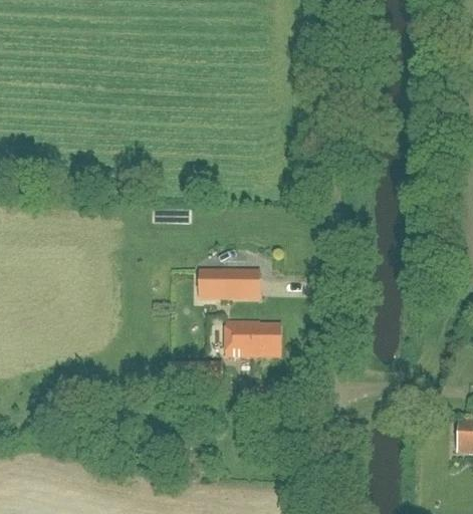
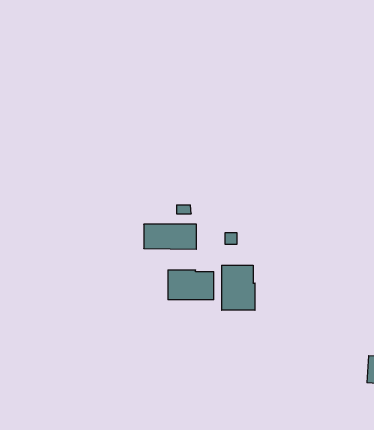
building: none -> [222,265,255,310]

